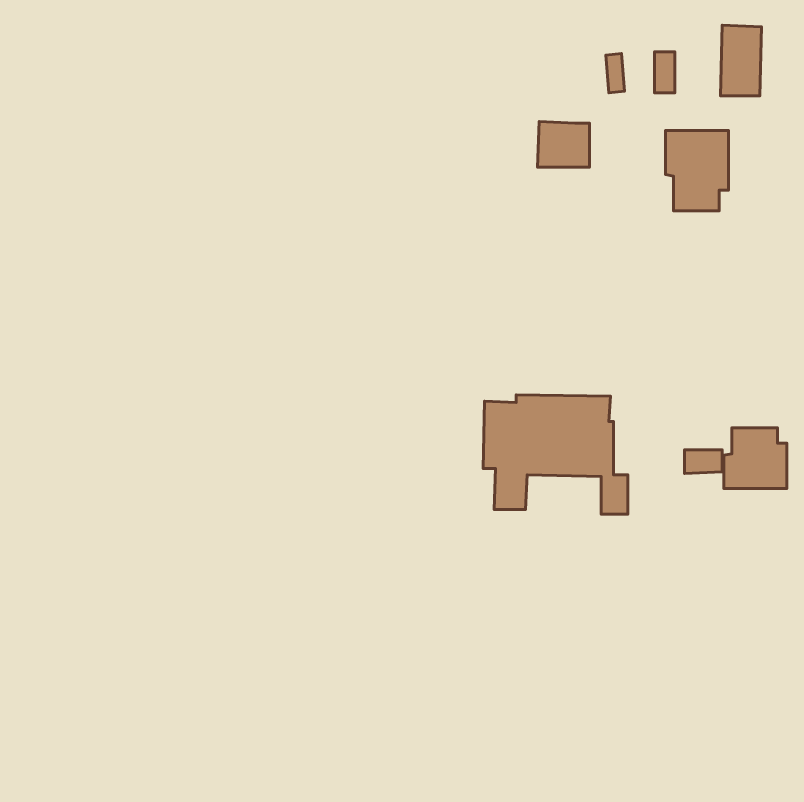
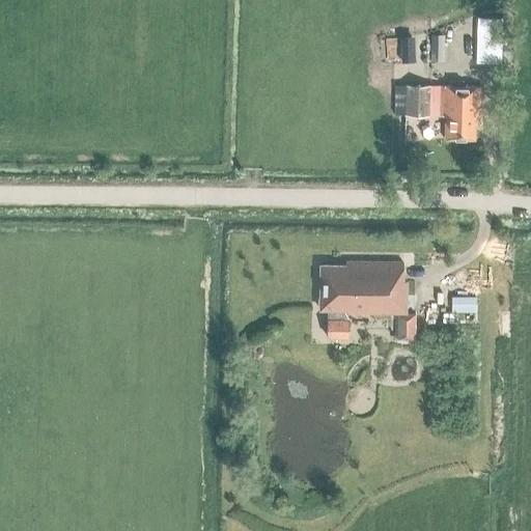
building: [538,122,589,167] -> [404,85,439,115]
building: [724,428,787,488] -> none

